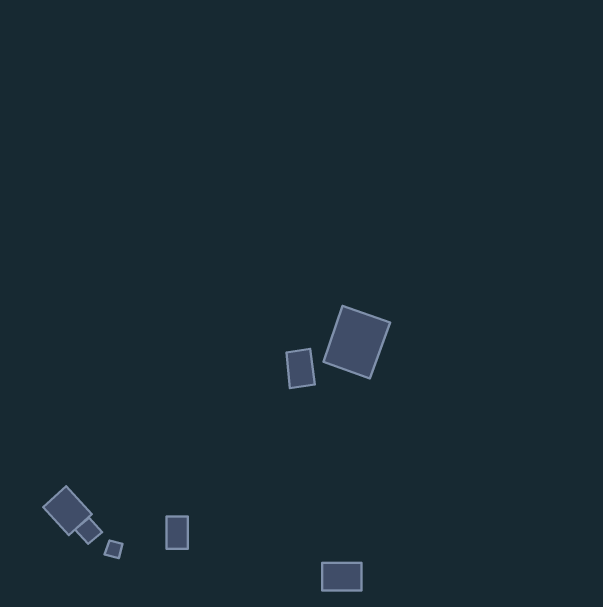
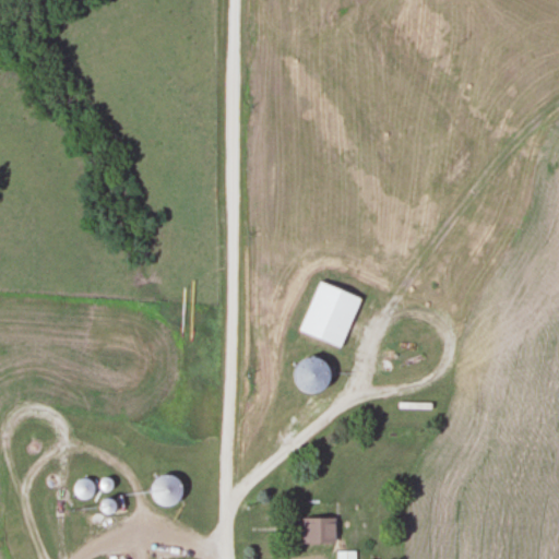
building: [286,349,315,388] -> [300,358,326,394]
building: [43,486,92,535] -> none

